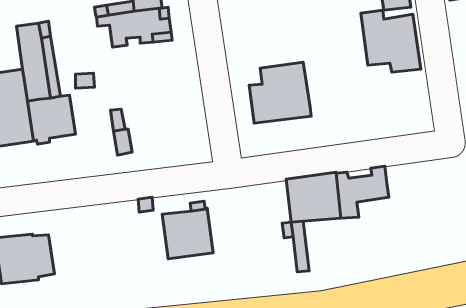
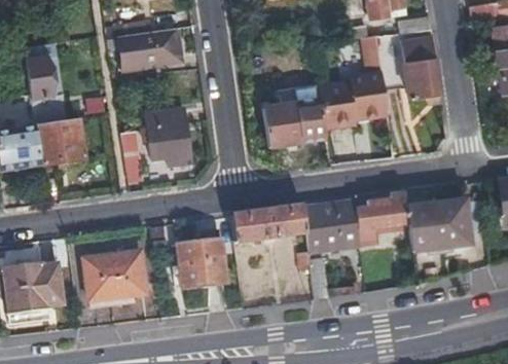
building: none -> [319,35,389,132]
building: none -> [145,109,192,163]
building: none -> [405,203,470,254]
building: none -> [229,206,304,243]
building: none -> [83,253,143,301]

